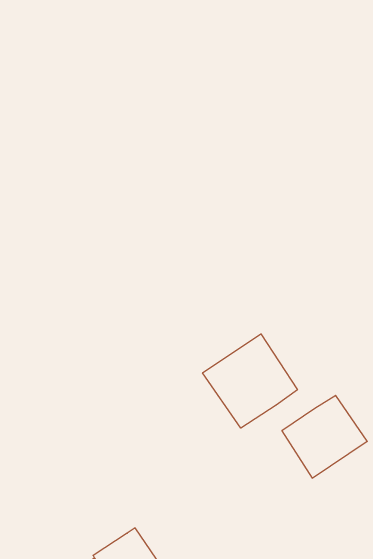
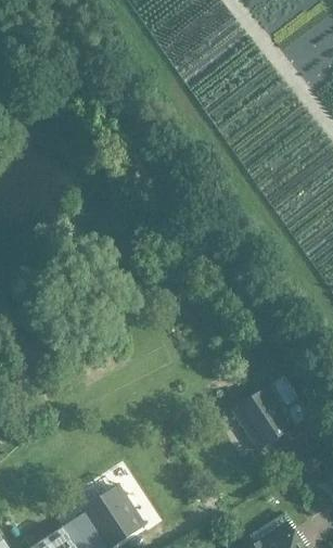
building: [203,334,297,428] -> none

